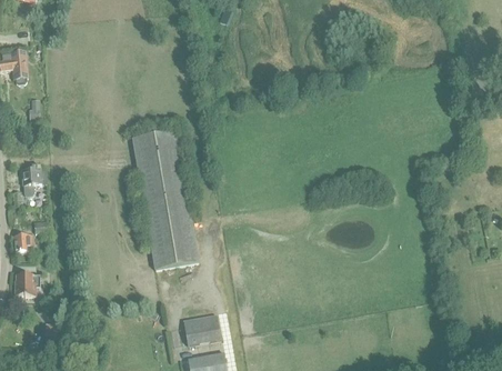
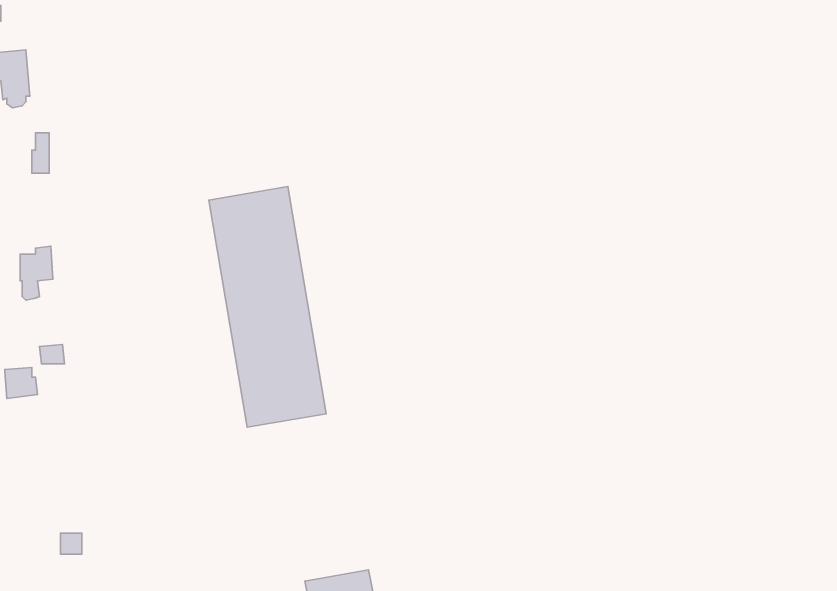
building: [16,273,40,295] -> none
building: [183,313,221,345] -> none

